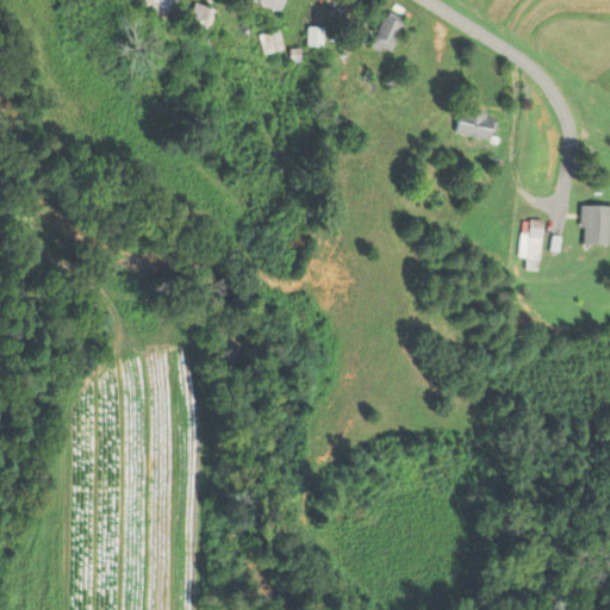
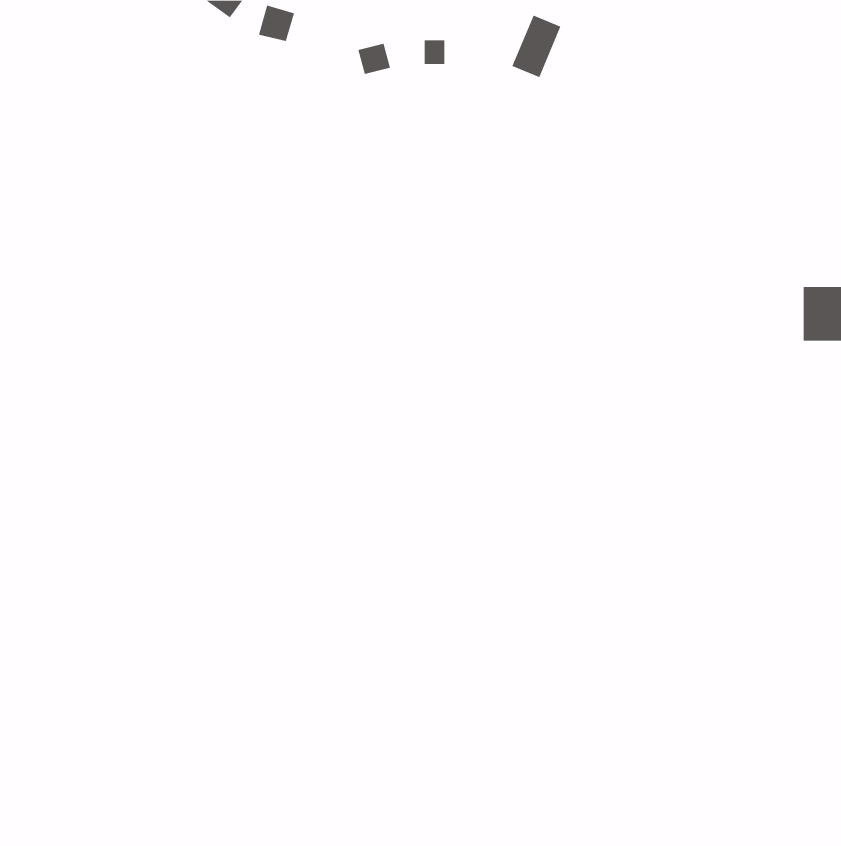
building: [456,106,498,143] -> none
building: [519,219,543,261] -> none

